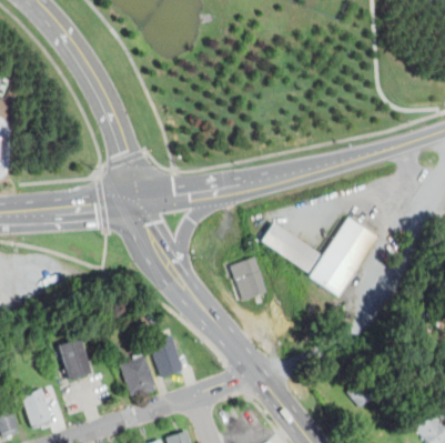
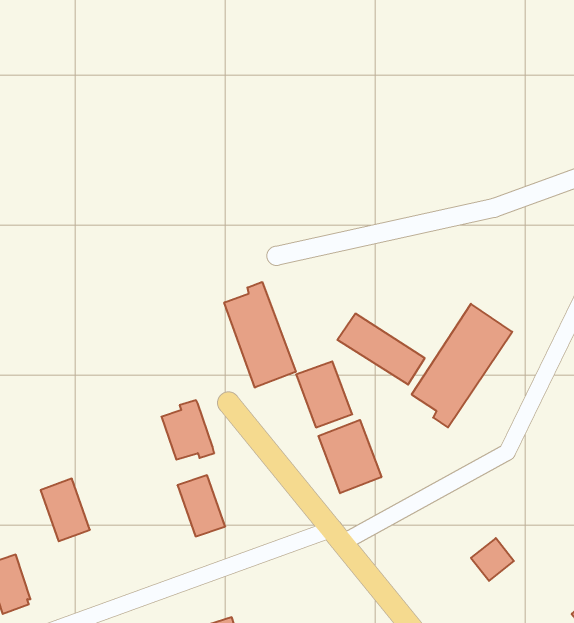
building: none -> [224,282,296,388]
building: none -> [318,420,381,493]
building: [120,354,155,394] -> [161,400,214,460]

